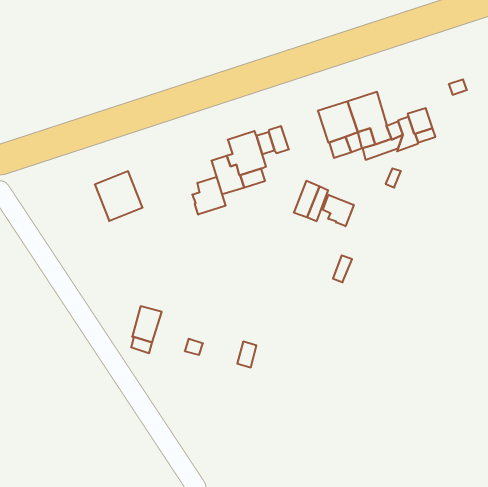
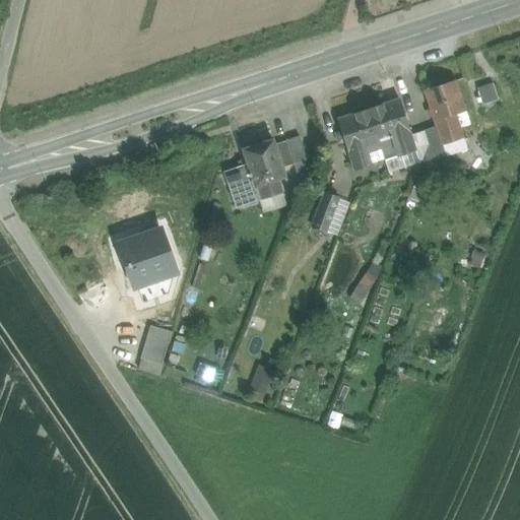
building: none -> [424,80,464,121]
building: [95,171,143,221] -> [121,232,172,284]
building: [192,177,226,215] -> none
building: [323,195,354,226] -> none

